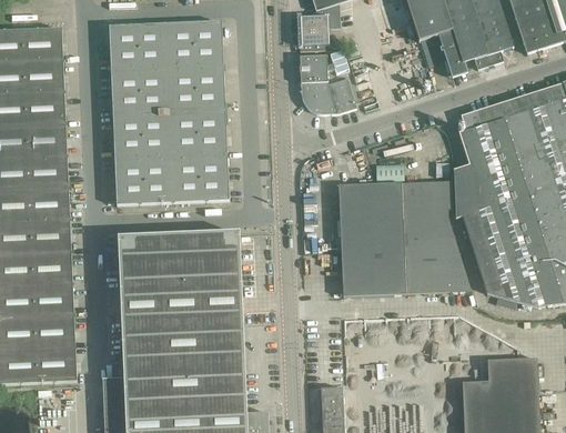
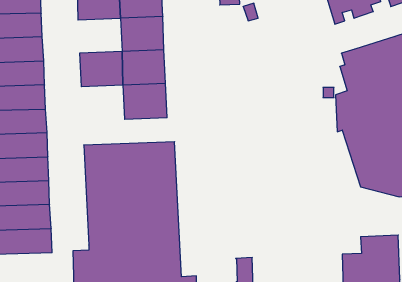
building: [300,54,356,113] -> none
building: [111,68,170,114] -> none
building: [115,157,173,203] -> none
building: [338,181,472,295] -> none

